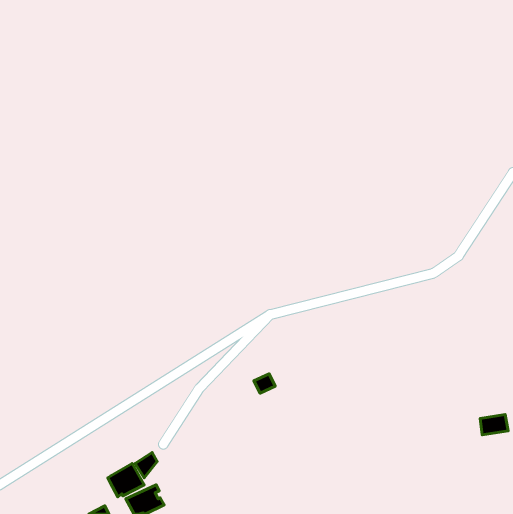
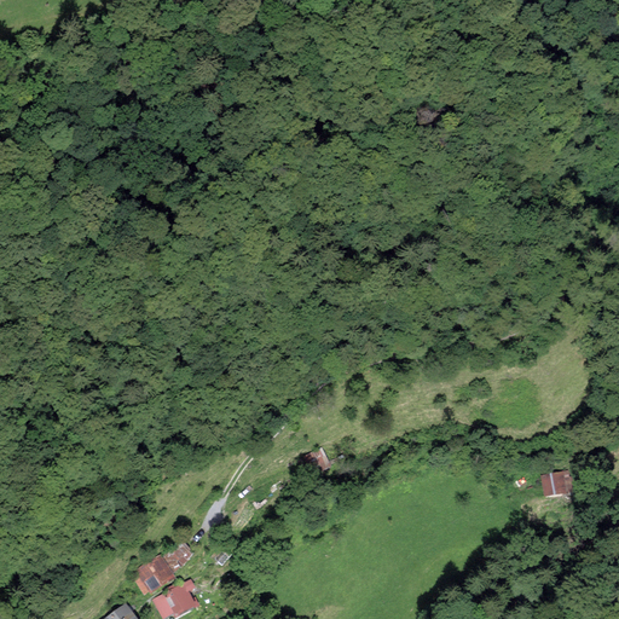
building: [480,415,508,435] -> [542,472,575,496]

